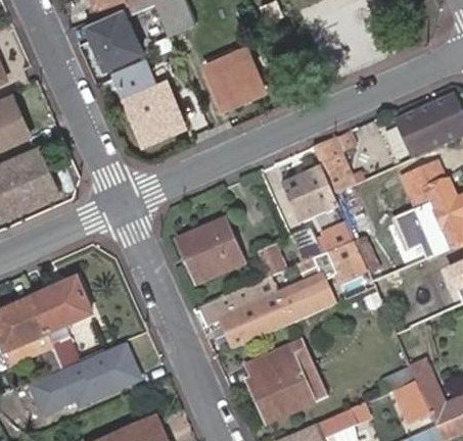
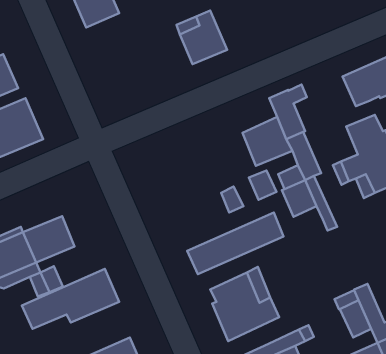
building: [115,60,185,142] -> none
building: [177,222,242,285] -> none
building: [197,282,266,327] -> none

